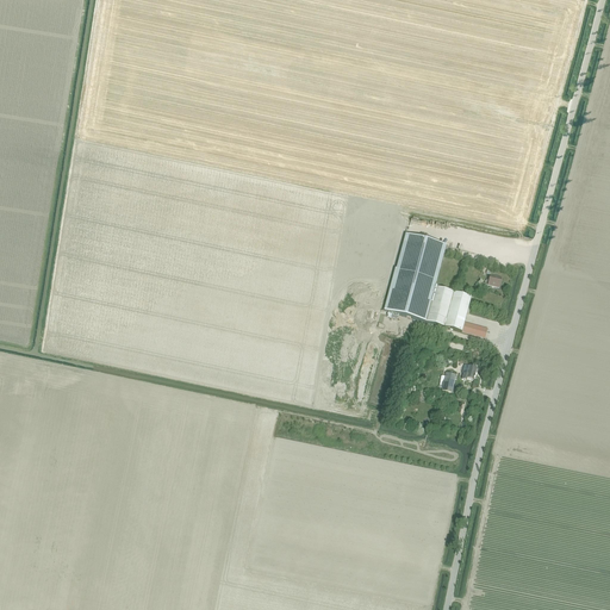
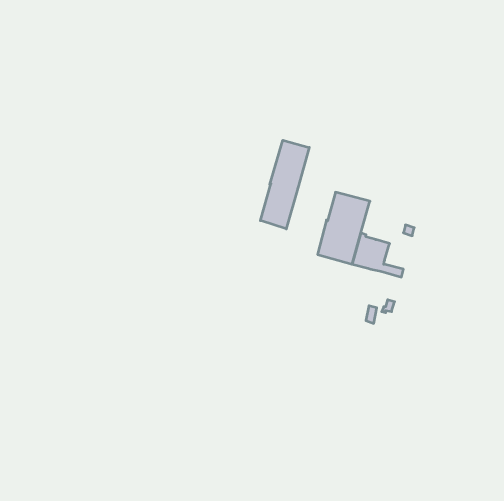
building: none -> [260,140,309,229]

